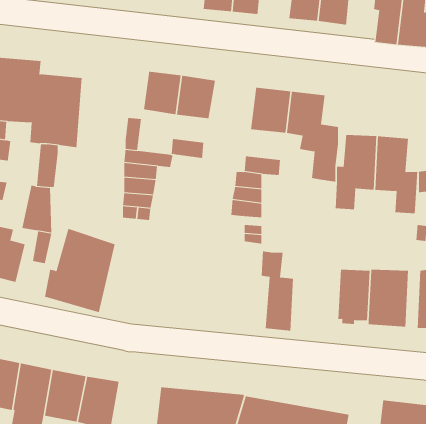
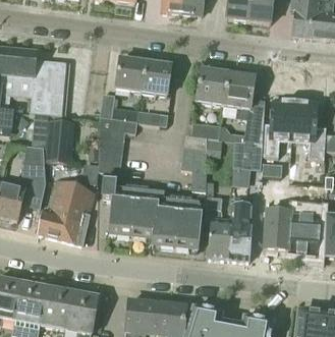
building: none -> [46,120,73,163]
building: none -> [233,139,264,170]
building: none -> [103,176,202,248]
building: none -> [229,207,253,260]

